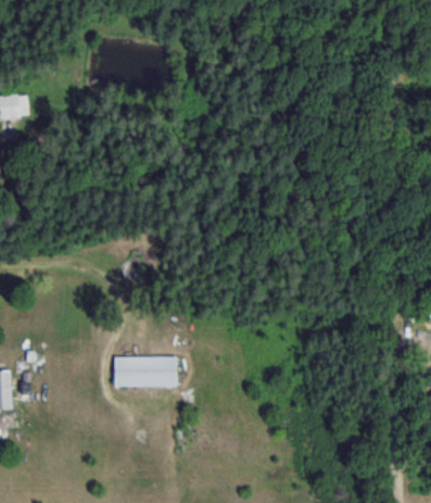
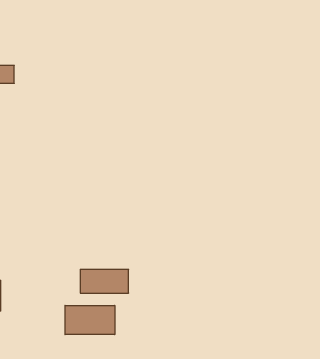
building: none -> [65,305,115,335]

